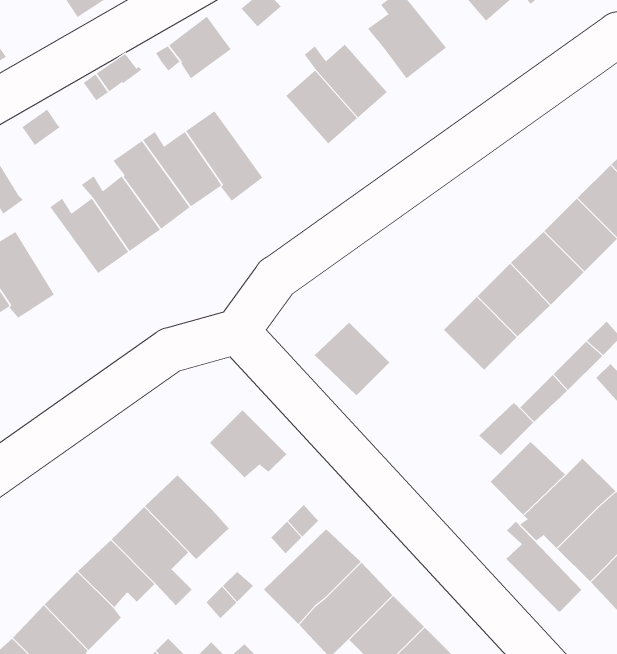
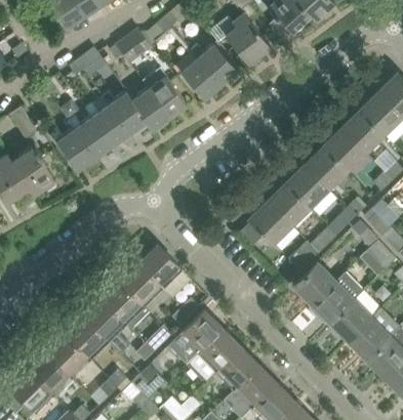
building: none -> [142,68,187,118]
building: [314,322,390,396] -> [248,202,290,243]
building: none -> [121,264,163,301]
building: [506,521,582,613] -> none

